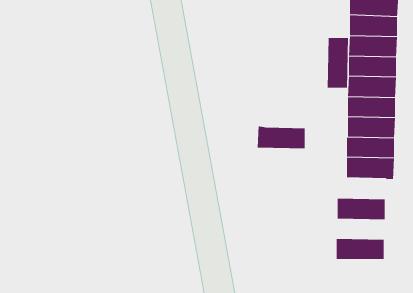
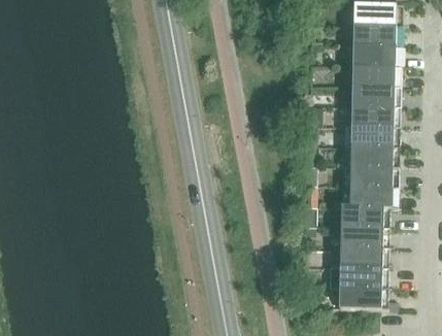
building: [327,37,349,89] -> none
building: [257,126,306,149] -> [339,204,387,227]
building: none -> [338,246,387,267]
building: none -> [337,287,386,308]

